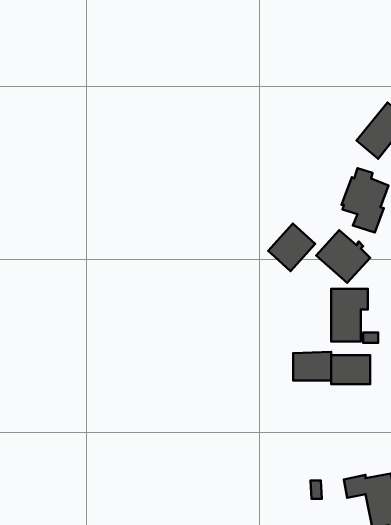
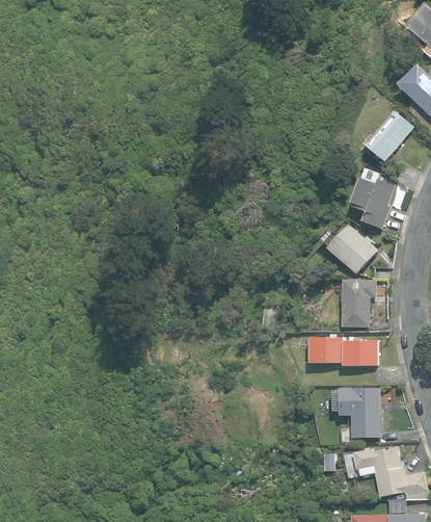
building: [268,223,315,271] -> none
building: none -> [332,387,379,437]

